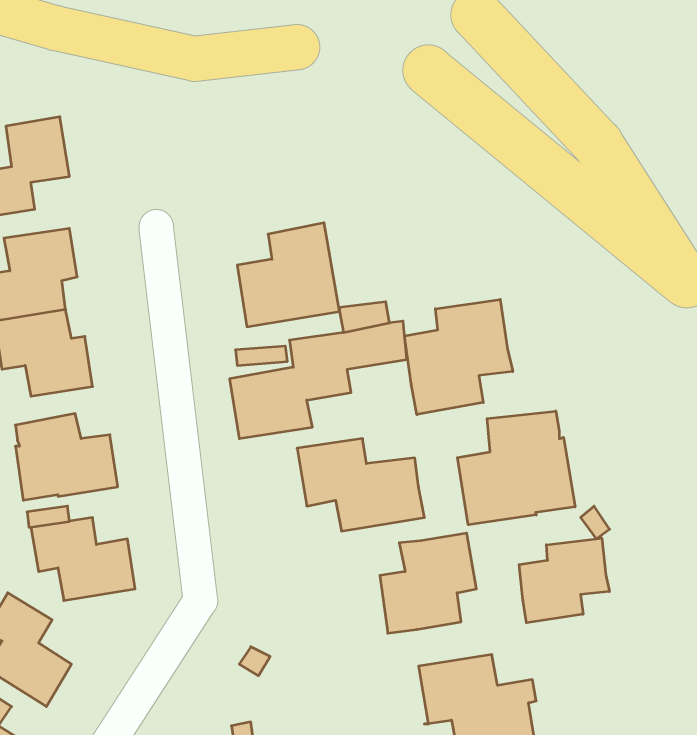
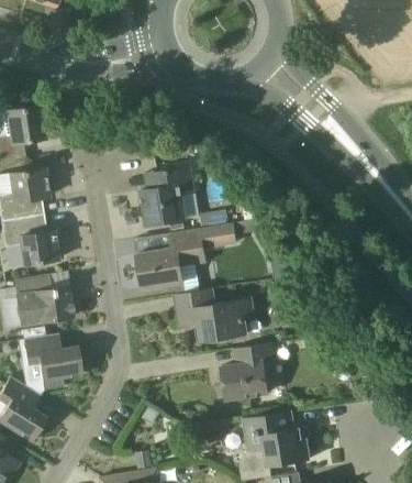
building: [405,299,513,415] -> none
building: [457,411,575,525] -> none
building: [519,538,609,623] -> none

